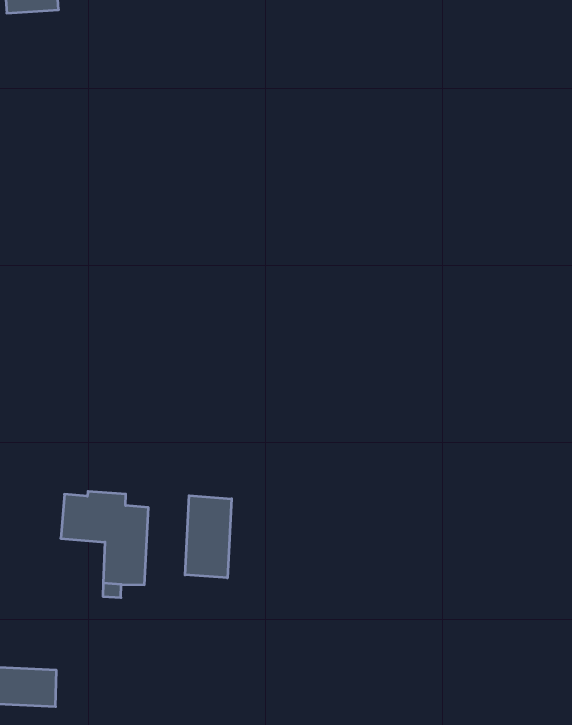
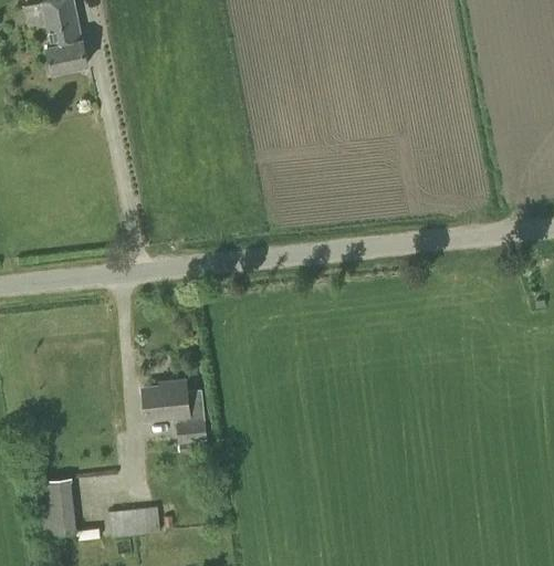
building: [185,496,232,578] -> none

